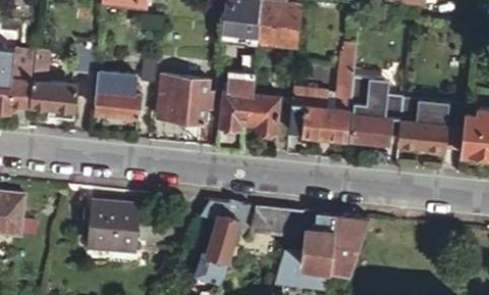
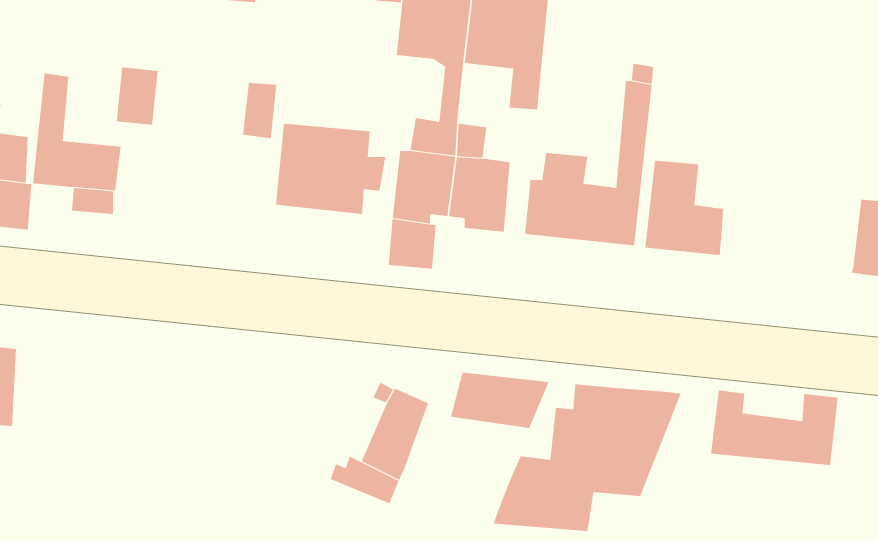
building: [96,71,139,114] -> none
building: [397,109,465,149] -> [710,390,839,465]
building: [85,200,140,250] -> none

